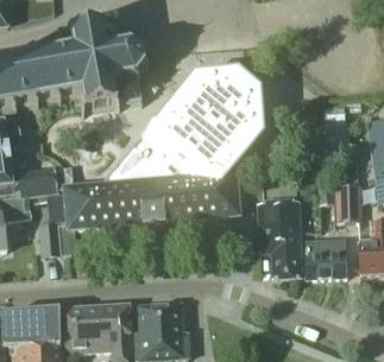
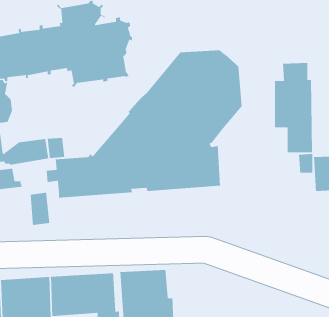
building: [259,183,300,278] -> [274,62,313,153]
building: [304,239,346,277] -> none

